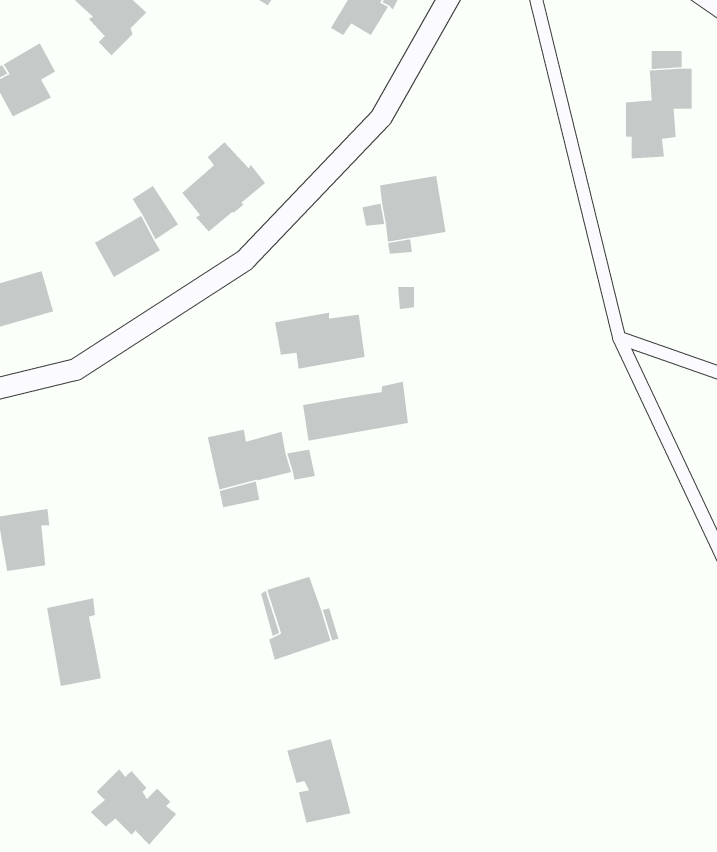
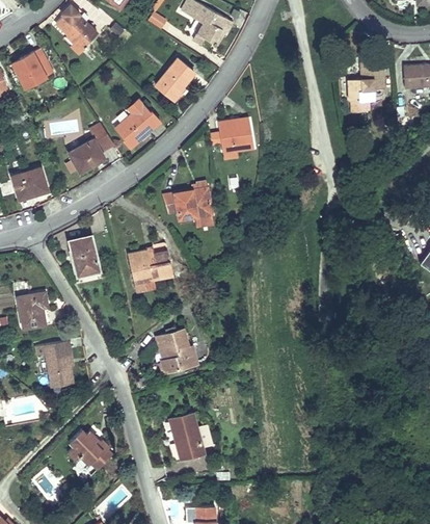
building: none -> [155,59,193,100]
building: [302,381,409,441] -> none
building: none -> [69,236,99,274]

